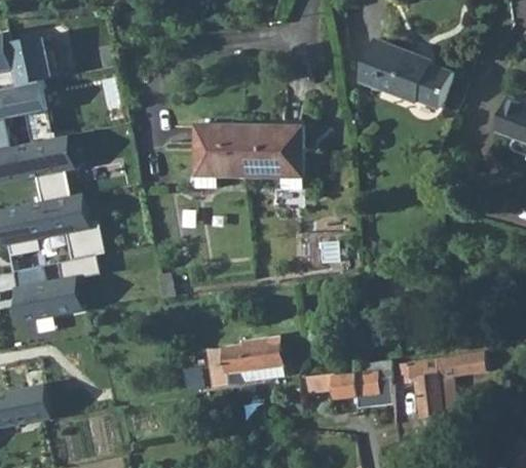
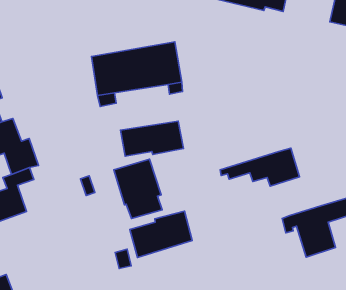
building: none -> [120,121,183,156]
building: none -> [114,159,162,219]
building: [295,365,391,408] -> [220,148,300,186]

